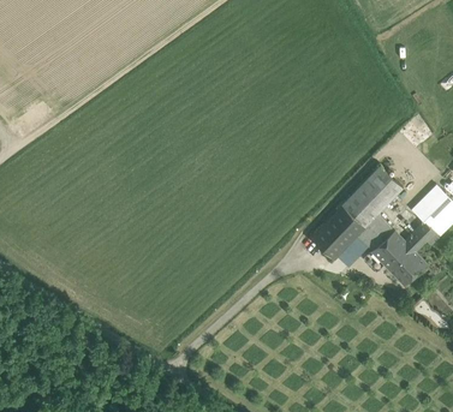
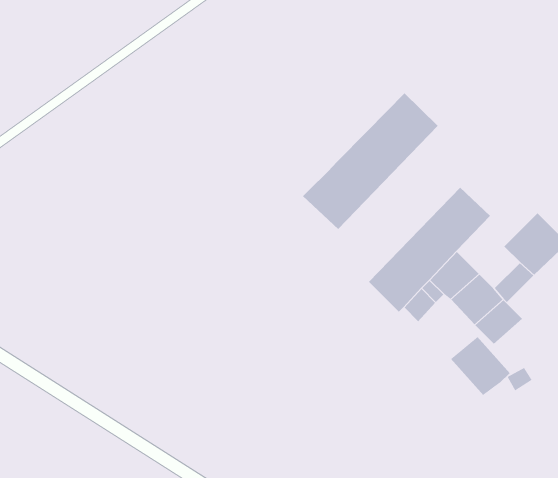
building: none -> [302,92,438,230]
building: none -> [450,336,511,396]

